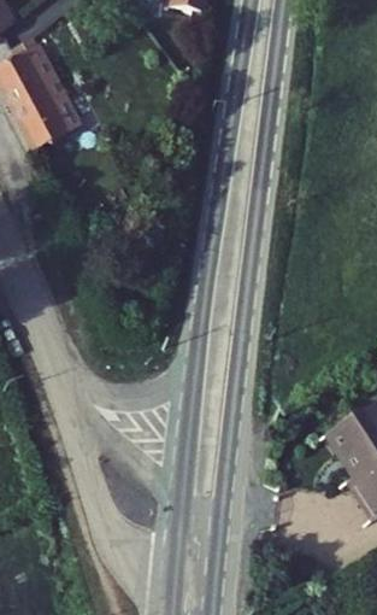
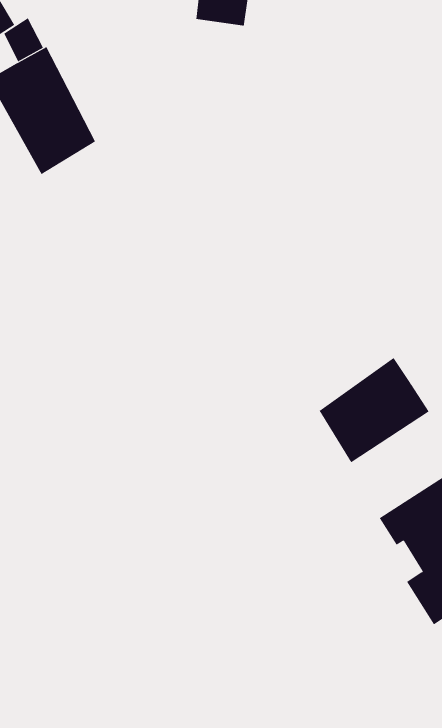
building: none -> [319,357,429,463]

